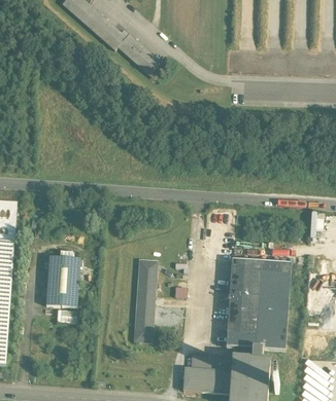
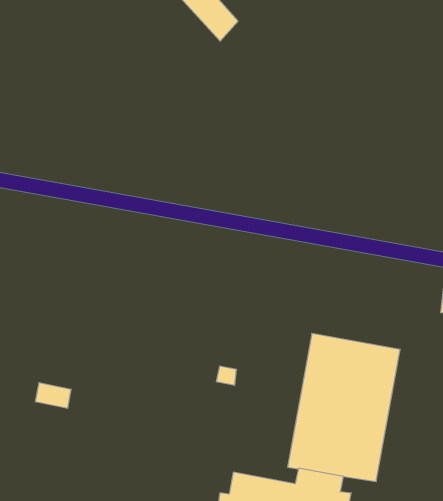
building: [45,256,79,307] -> none
building: [134,259,156,341] -> none

